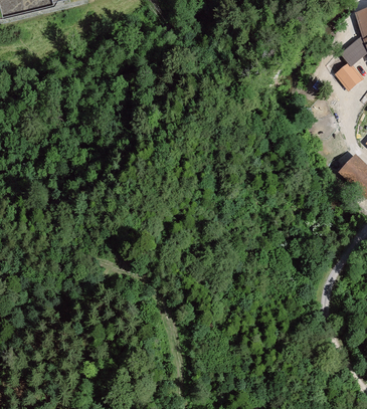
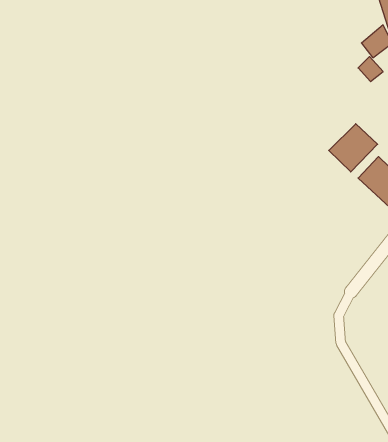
building: none -> [329,124,378,172]

